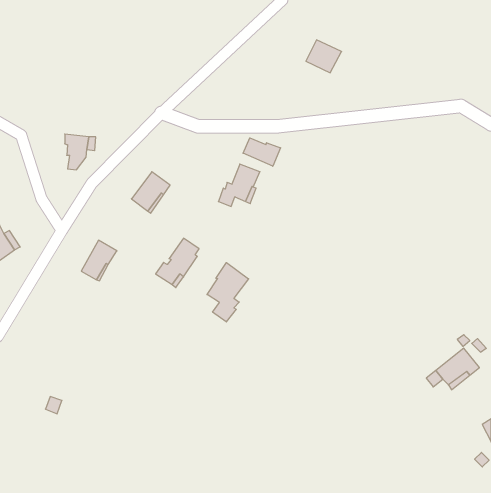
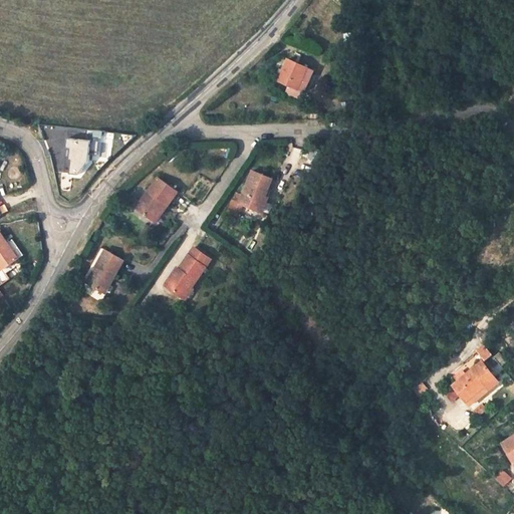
building: [306,40,342,73] -> [275,55,312,89]
building: [243,138,281,166] -> none
building: [207,263,249,322] -> none

